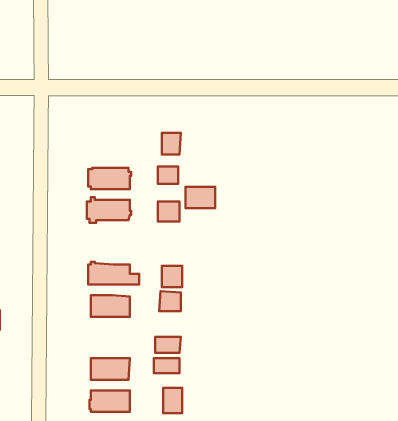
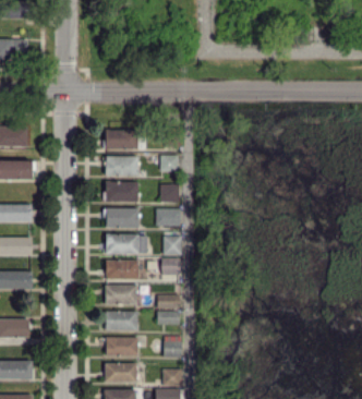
building: none -> [105,129,144,149]
building: [185,187,215,208] -> [157,208,181,226]
building: none -> [104,208,138,227]
building: none -> [107,286,138,303]

